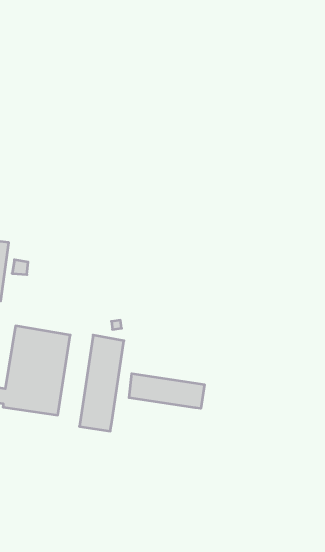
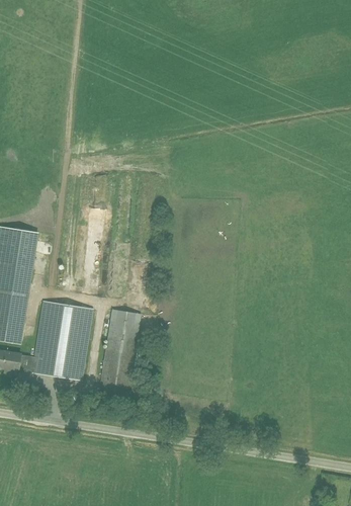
building: [129,374,204,408] -> none

